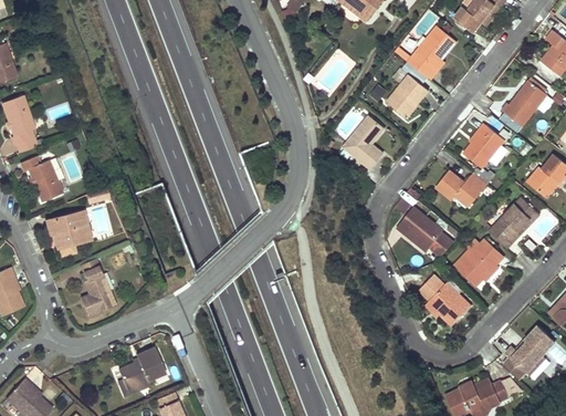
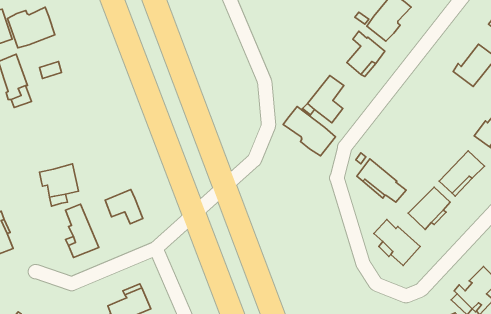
building: none -> [8,7,55,48]
building: [463,126,505,170] -> none
building: none -> [283,107,335,156]
building: [20,155,61,200] -> none
building: [437,171,488,209] -> none
building: none -> [105,190,143,224]

